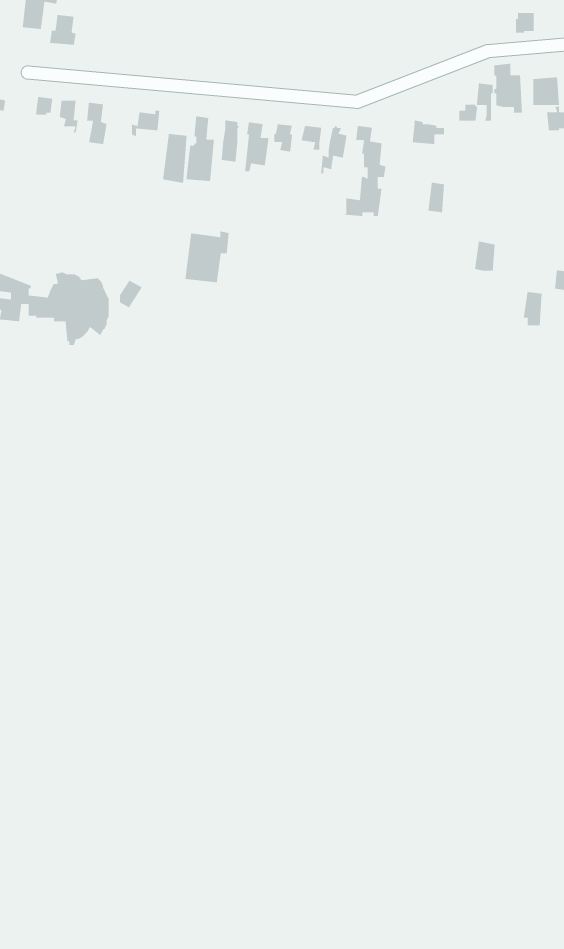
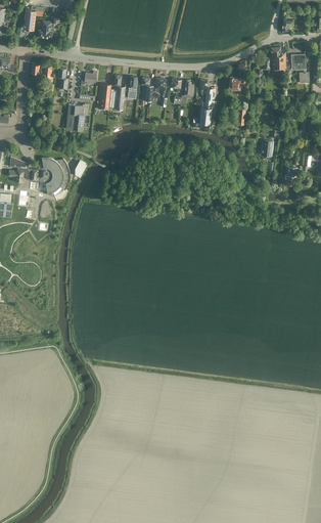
building: [185,231,229,283] -> [65,102,89,130]

